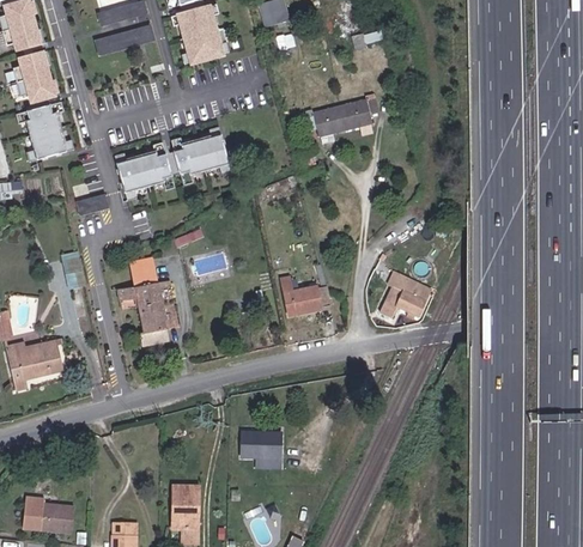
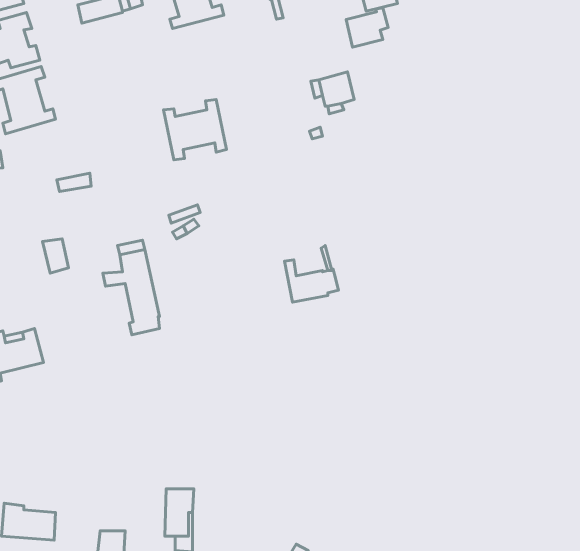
building: [340,93,378,129] -> [346,8,388,47]
building: [115,141,174,196] -> none
building: [381,285,426,317] -> none
building: [243,429,283,467] -> none

